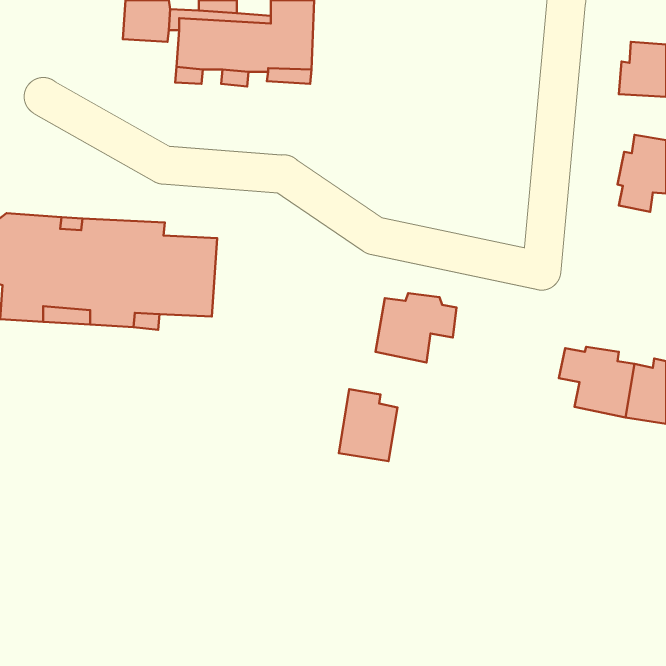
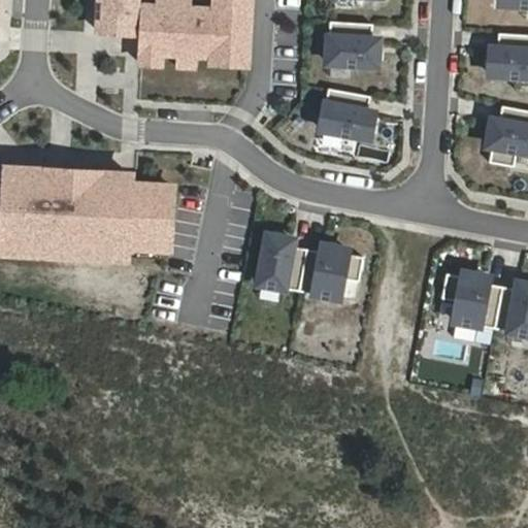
building: none -> [326,24,376,68]
building: none -> [320,91,372,140]
building: [339,389,398,461] -> [257,223,303,279]

